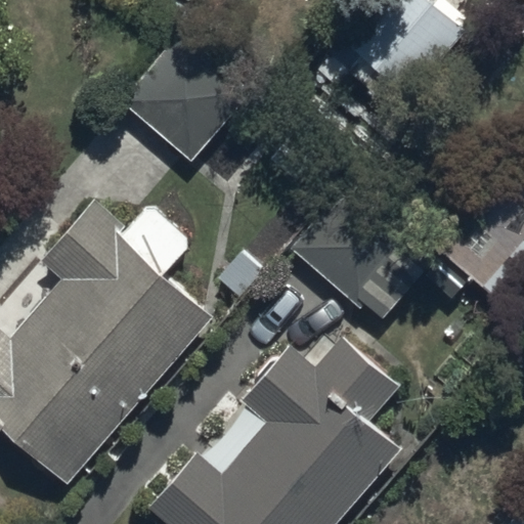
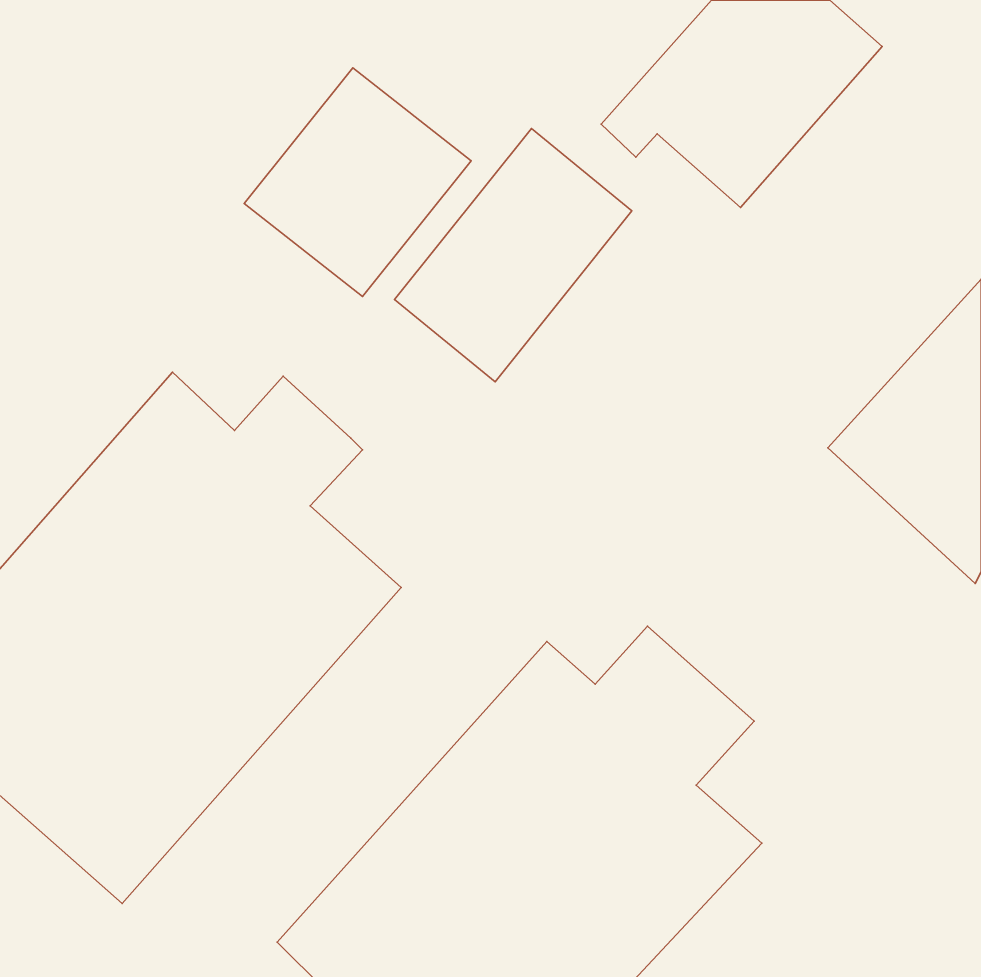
building: none -> [395,129,632,382]
building: [289,181,436,321] -> none

